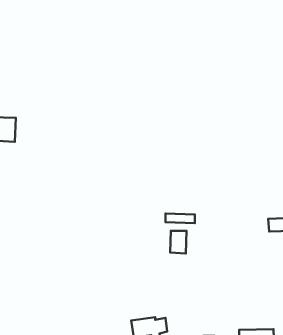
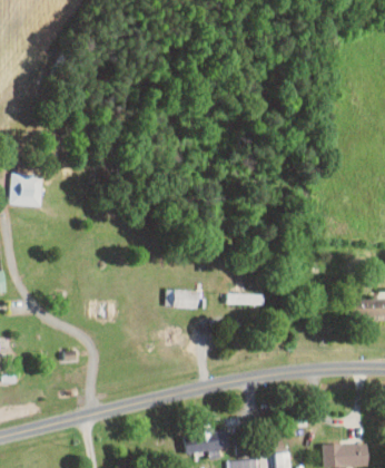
building: none -> [168,291,200,310]
building: [170,231,187,253] -> none

